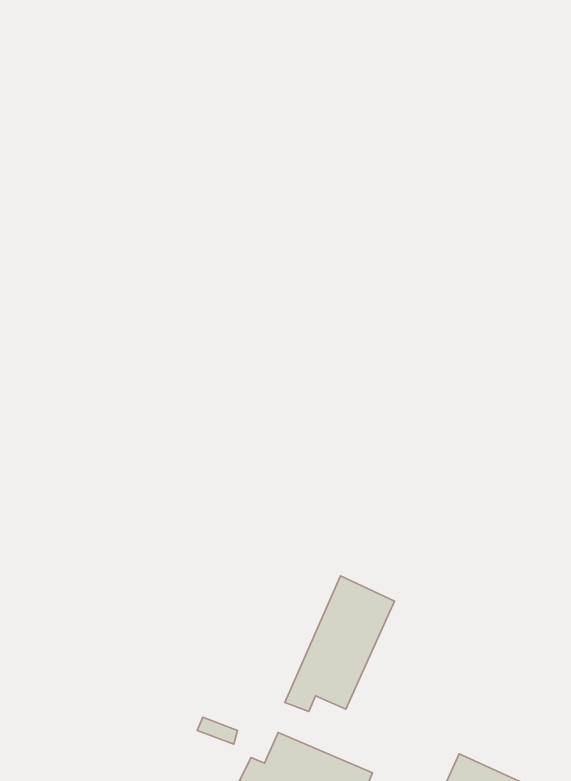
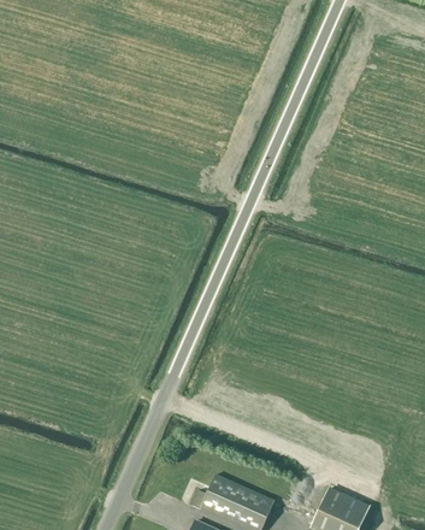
building: [285,576,394,711] -> none

